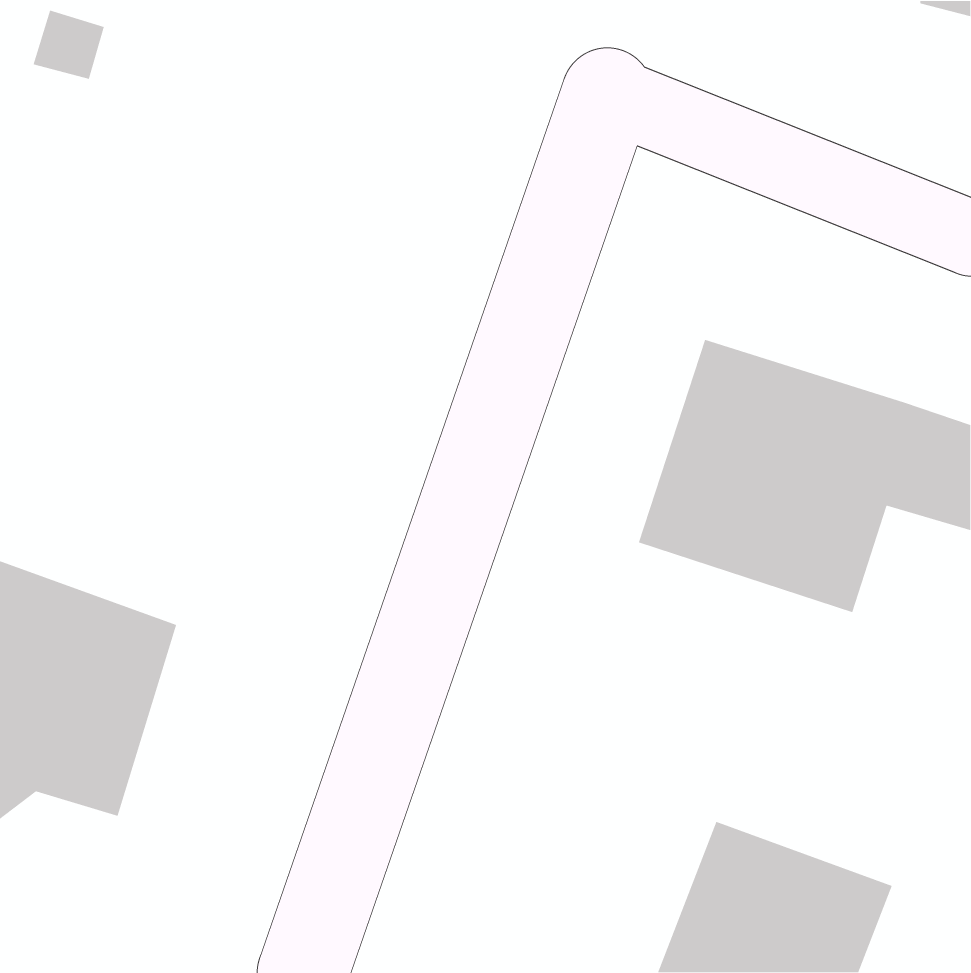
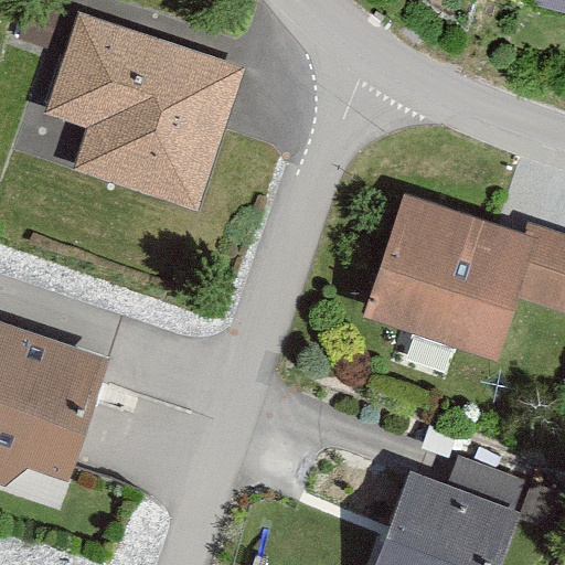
building: none -> [49,15,241,207]

